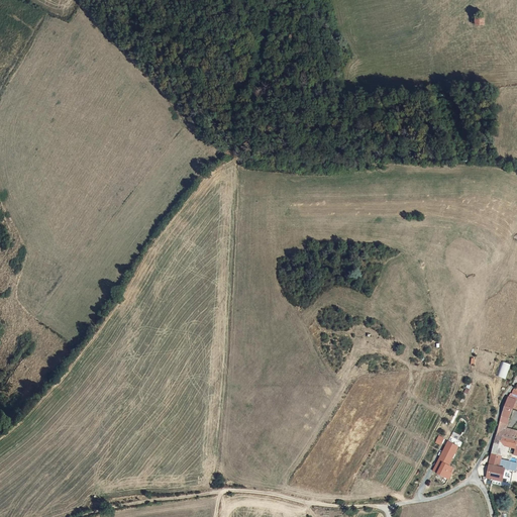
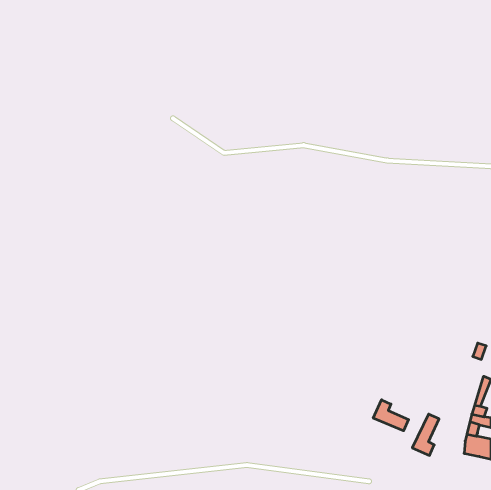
building: none -> [373,400,409,431]

